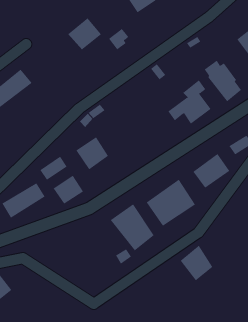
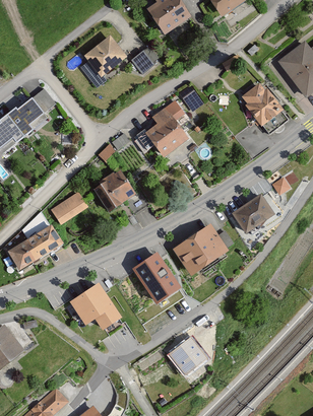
building: [168,80,212,125] -> [135,103,186,155]
building: [53,175,84,205] -> none
building: none -> [73,287,118,328]
building: [180,245,213,281] -> [171,335,209,376]

